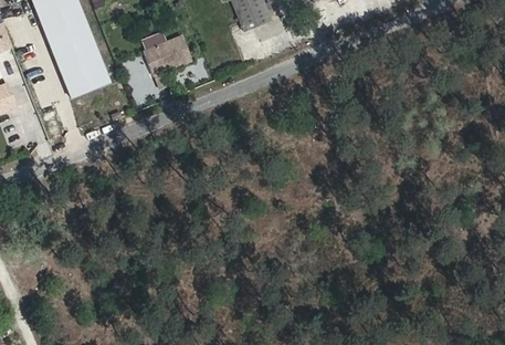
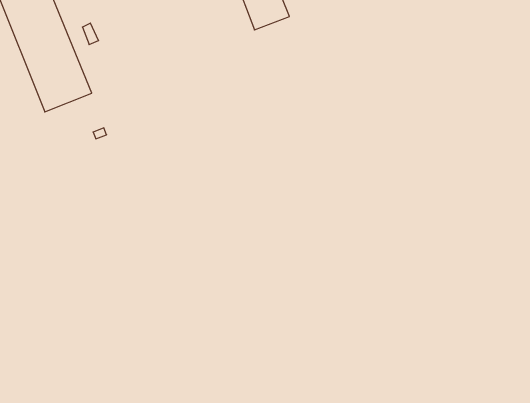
building: [143,31,193,75] -> none

